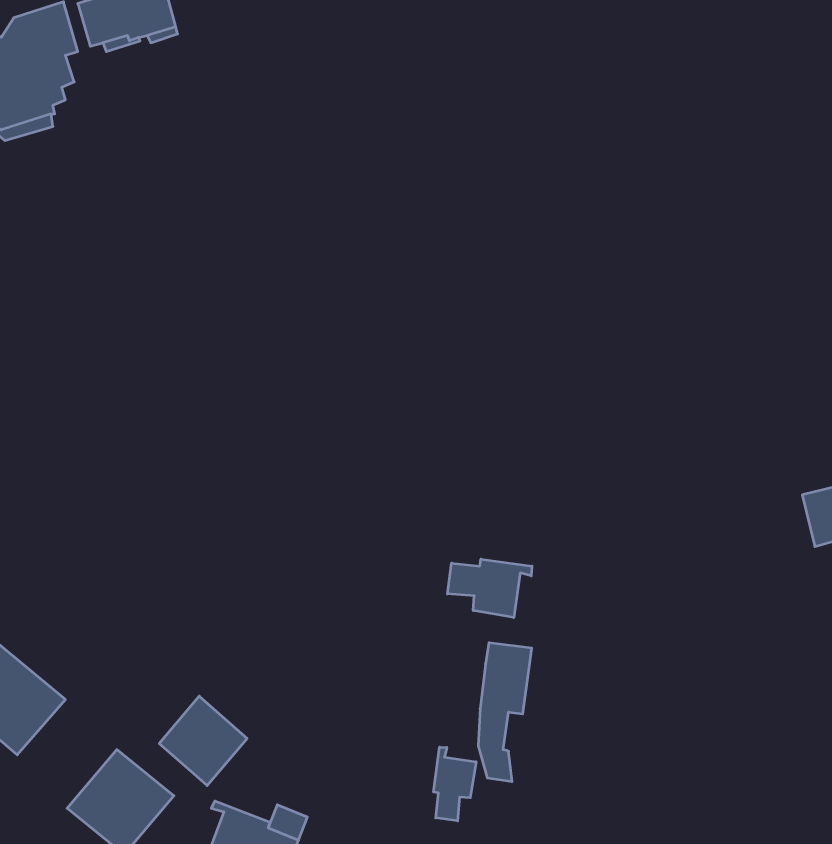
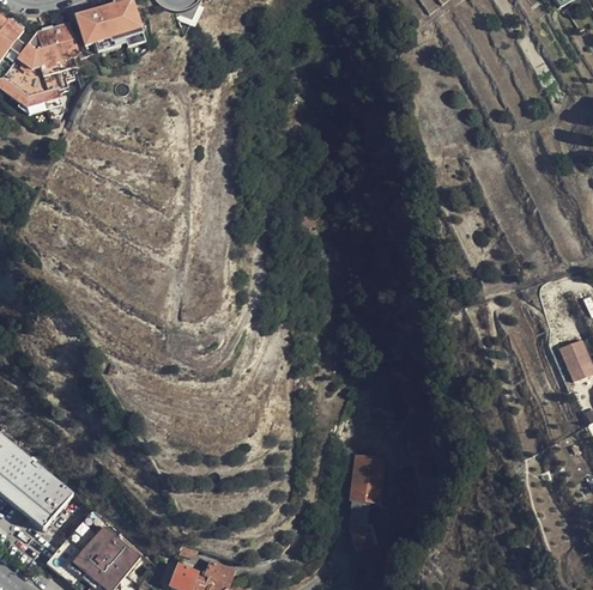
building: [447,559,532,618] -> none
building: [159,696,247,786] -> none
building: [434,747,476,821] -> none

